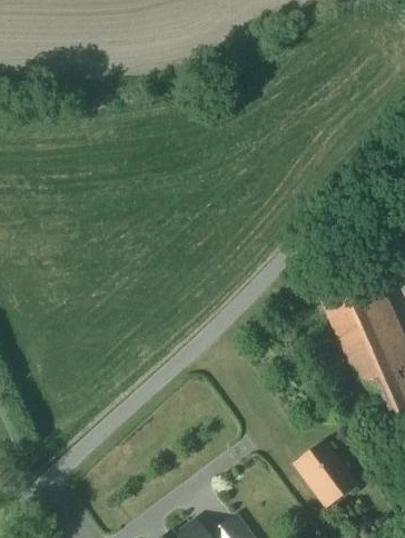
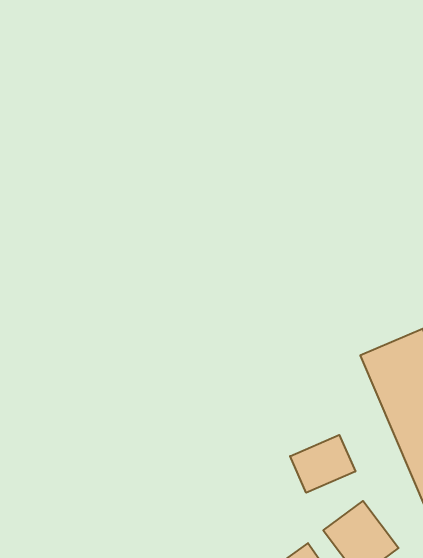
building: none -> [290,435,355,493]

